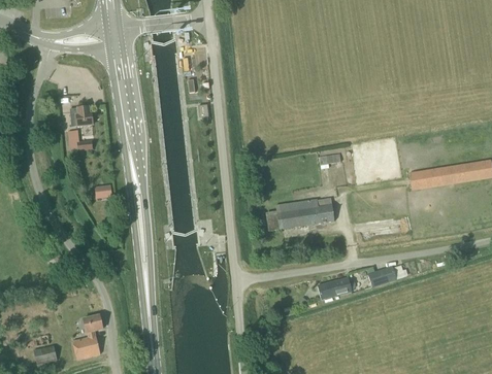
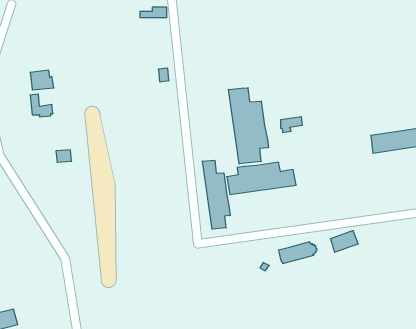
building: none -> [229,88,269,164]
building: none -> [203,160,230,229]
building: [71,314,102,360] -> none

